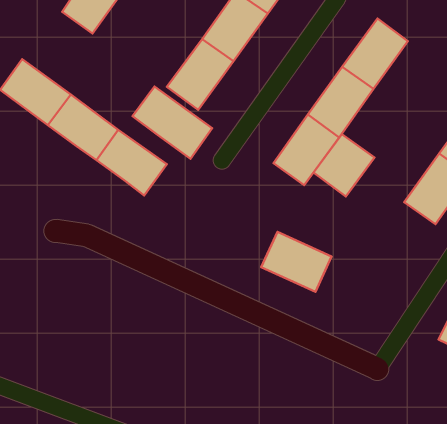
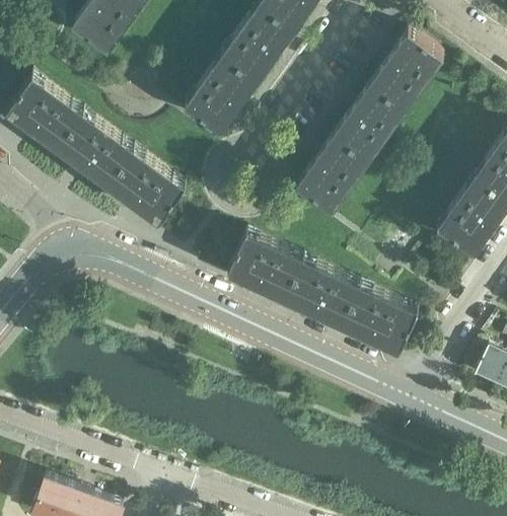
building: [132,86,212,159] -> none
building: [314,134,375,197] -> none
building: none -> [227,236,302,300]
building: none -> [343,289,417,353]

